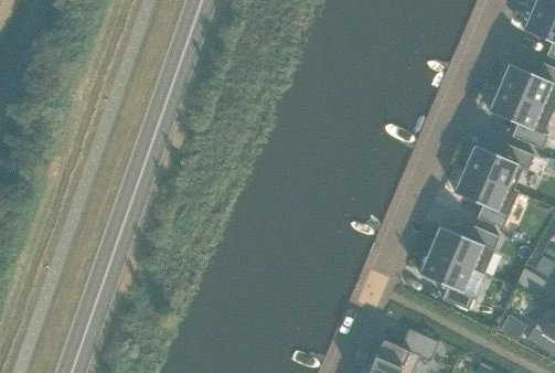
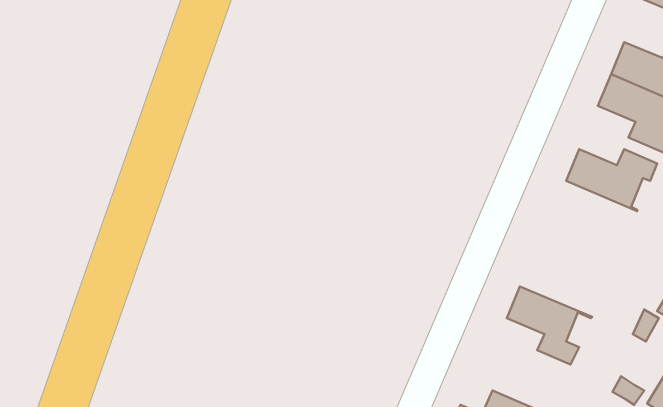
building: [452,169,517,228] -> none
building: [428,225,499,273] -> none

